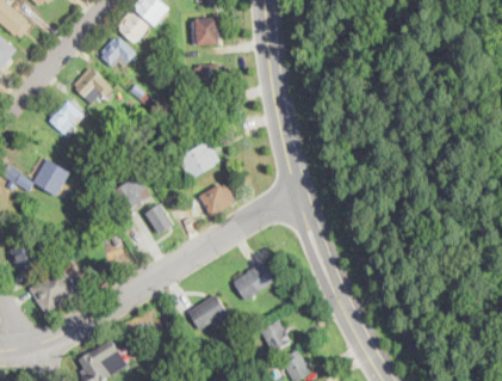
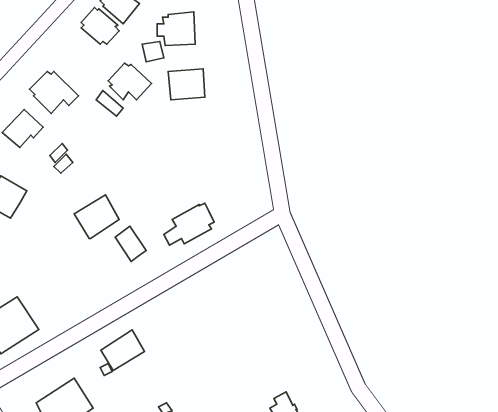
building: [99,36,137,68] -> [108,63,152,100]
building: [178,141,219,178] -> none
building: [233,260,277,301] -> none
building: [187,294,225,330] -> [101,330,144,370]
building: [260,320,291,351] -> none

